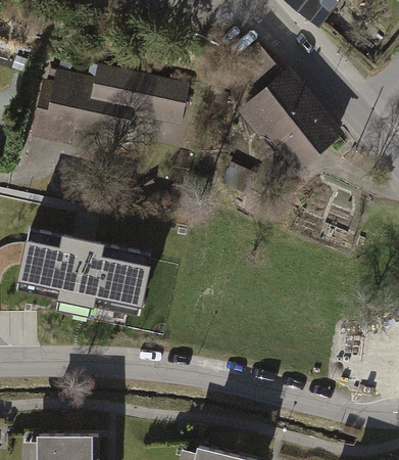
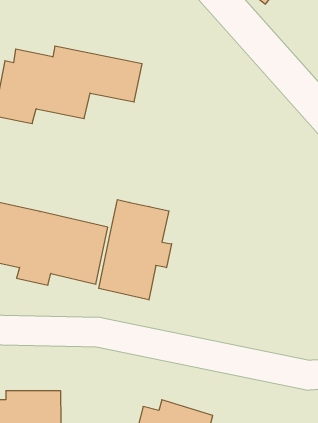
building: [236,42,338,166] -> none
building: none -> [99,200,172,300]

